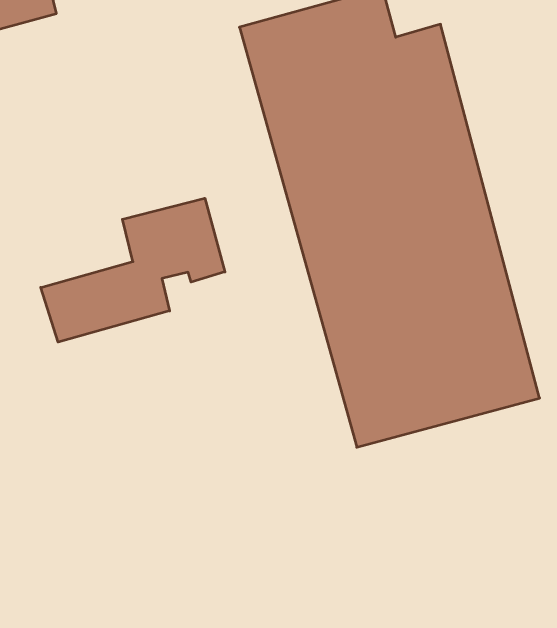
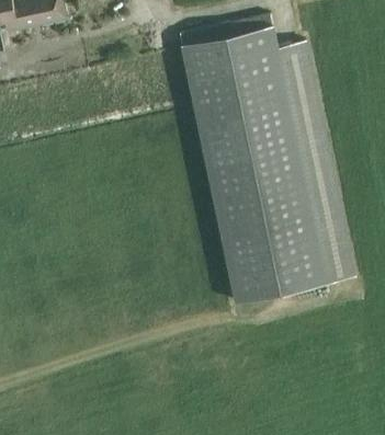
building: [41,198,225,342] -> none

